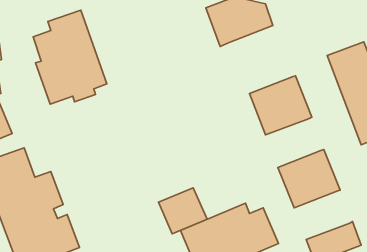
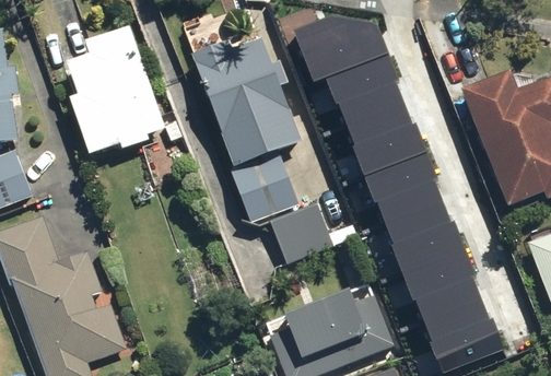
building: none -> [191,30,302,221]
building: none -> [327,49,413,141]
building: none -> [376,175,450,240]
building: [158,188,207,234] -> [268,202,333,265]
building: none -> [414,272,490,338]

